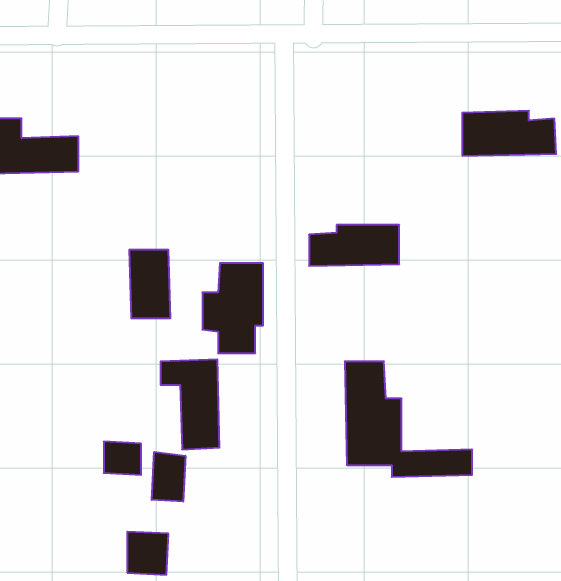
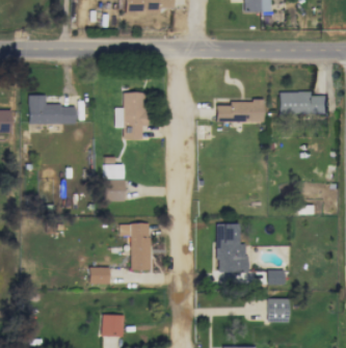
building: [309,225,399,266] -> [216,100,264,122]
building: [202,263,263,353] -> [114,91,147,139]
building: [152,452,185,502] -> none
building: none -> [266,298,289,321]

